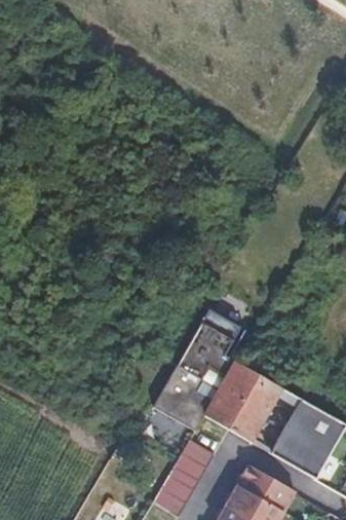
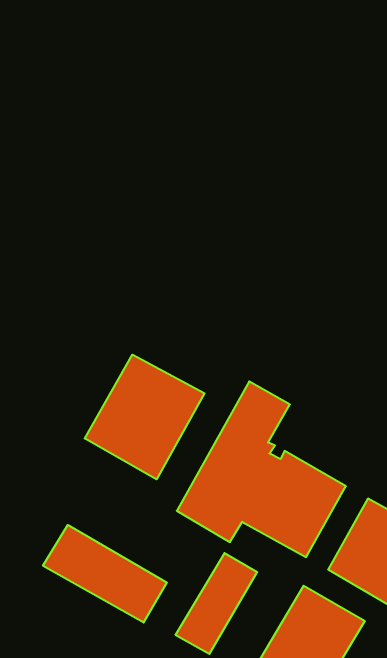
building: none -> [85,355,205,479]
building: none -> [43,525,167,623]

